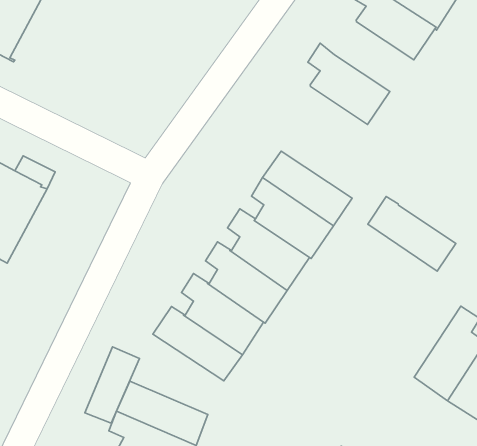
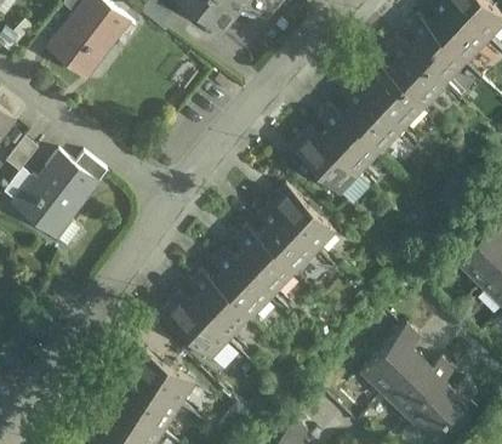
building: none -> [341,82,403,154]
building: [368,197,456,271] -> [291,129,358,194]
building: [85,347,139,423] -> none

